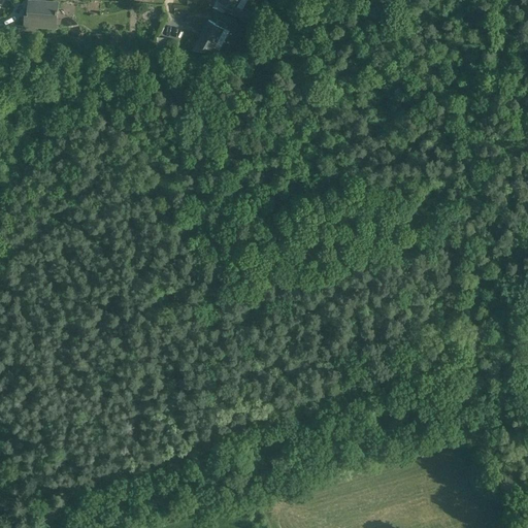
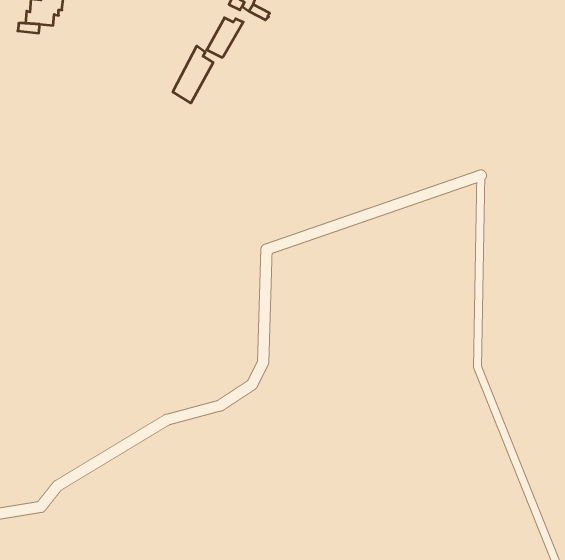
building: none -> [173,46,213,103]

